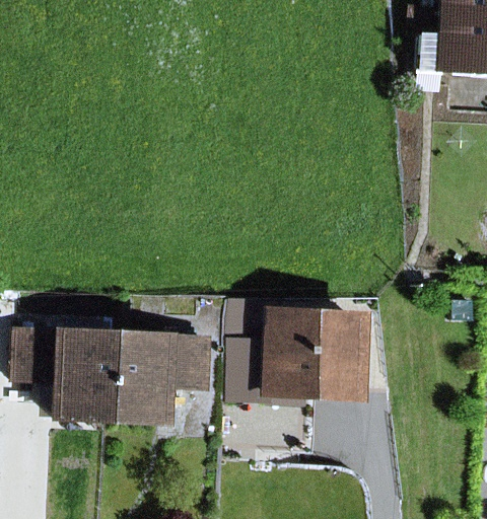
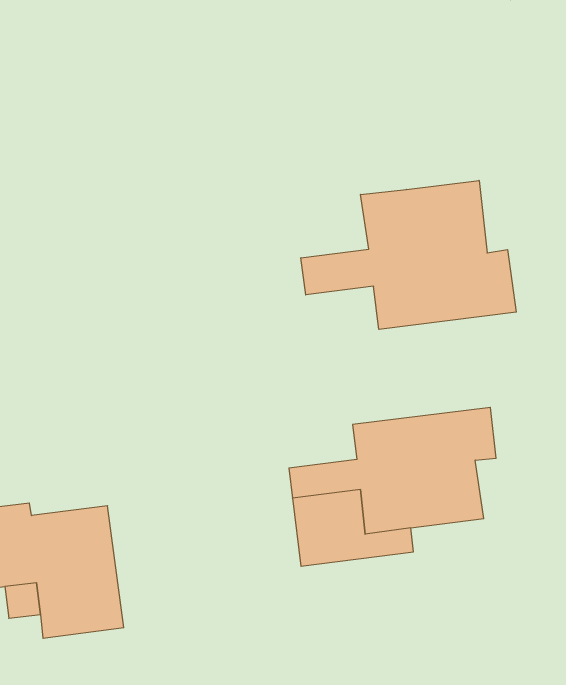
building: none -> [301,180,516,329]
building: [120,335,216,421] -> none

